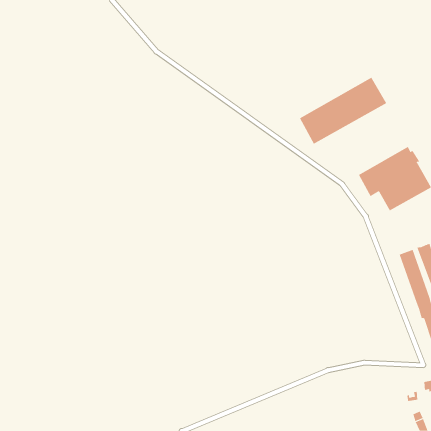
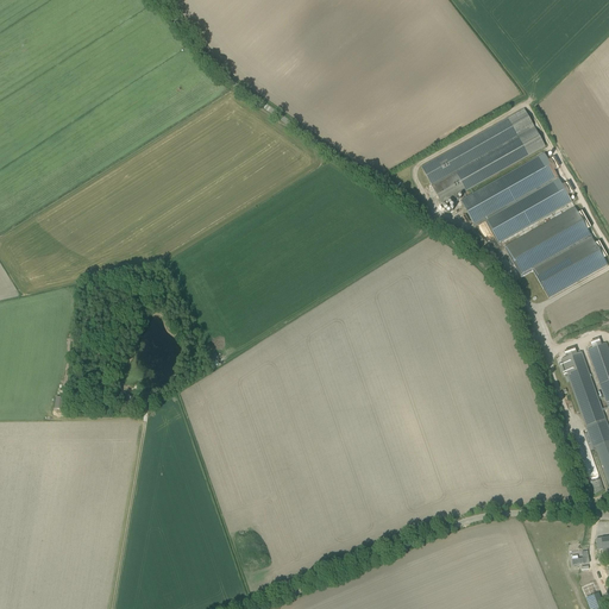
building: none -> [462,152,573,243]

